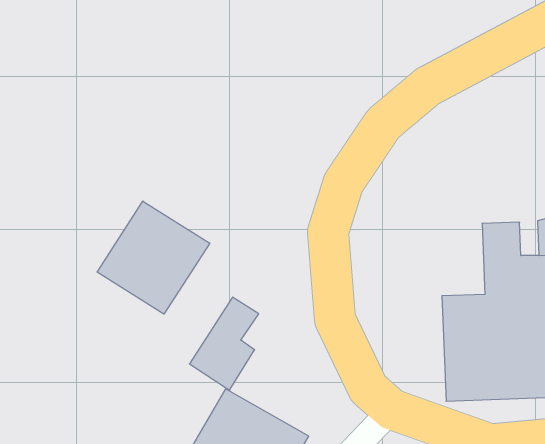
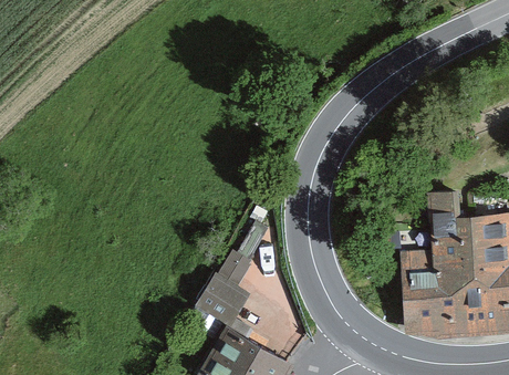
building: [97,201,210,314] -> none

